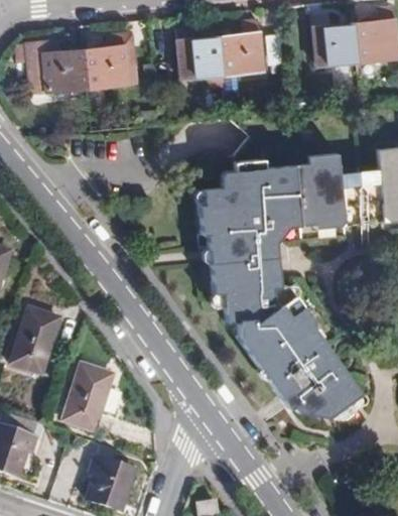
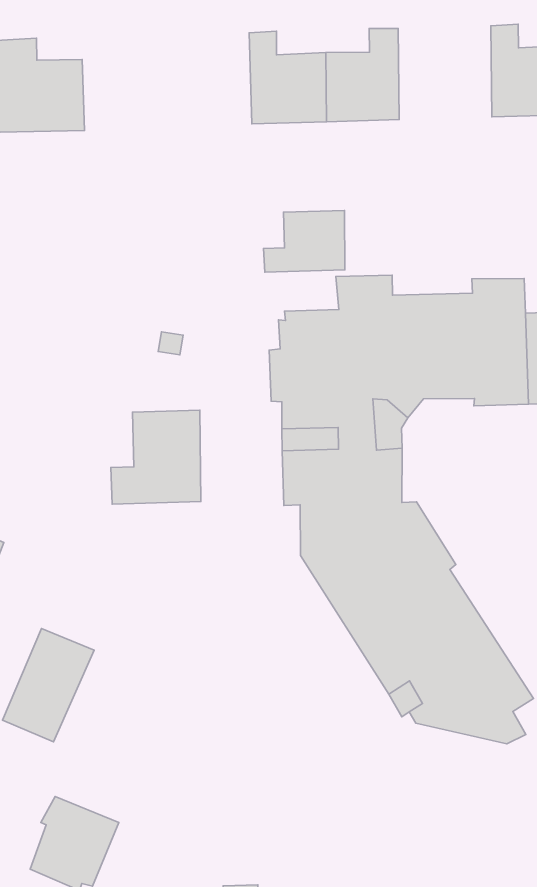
building: [85,34,130,90] -> none
building: none -> [264,211,345,272]
building: none -> [111,410,201,504]

